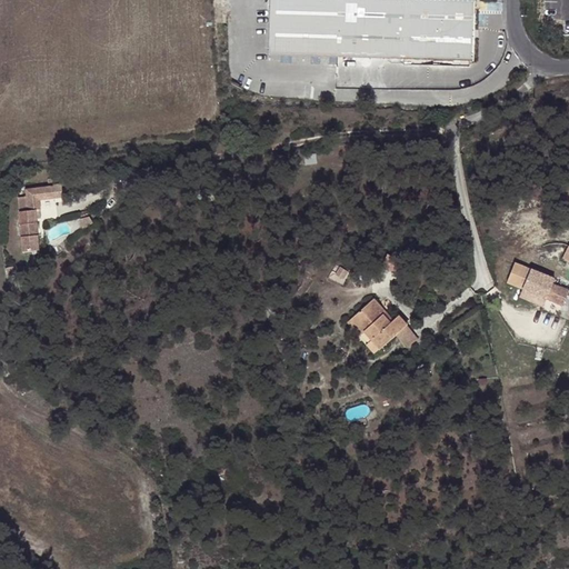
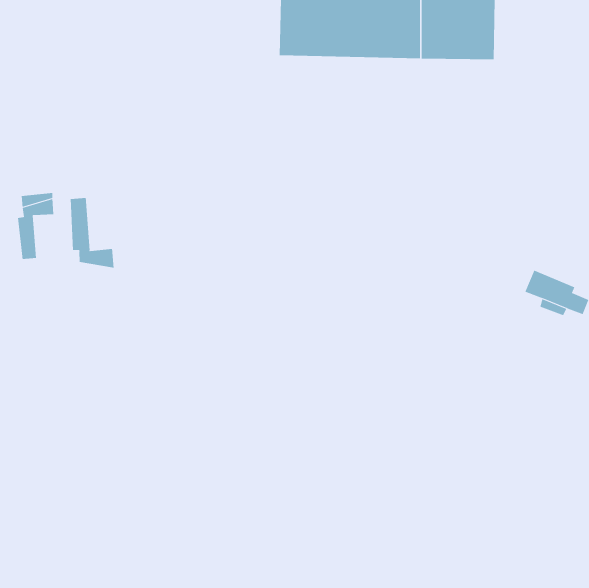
building: none -> [70,197,114,268]
building: [353,300,410,349] -> none

